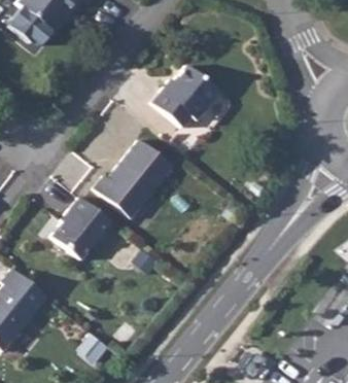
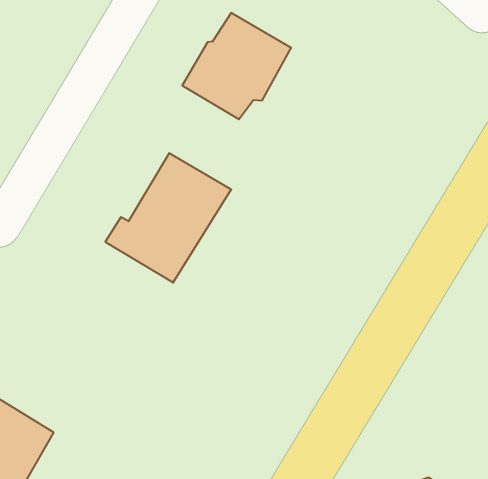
building: [53,196,111,259] -> none

